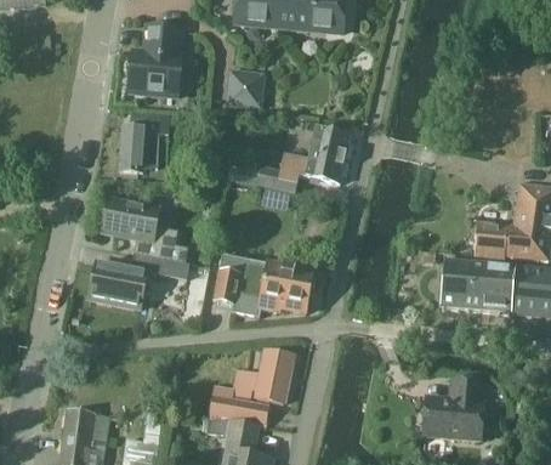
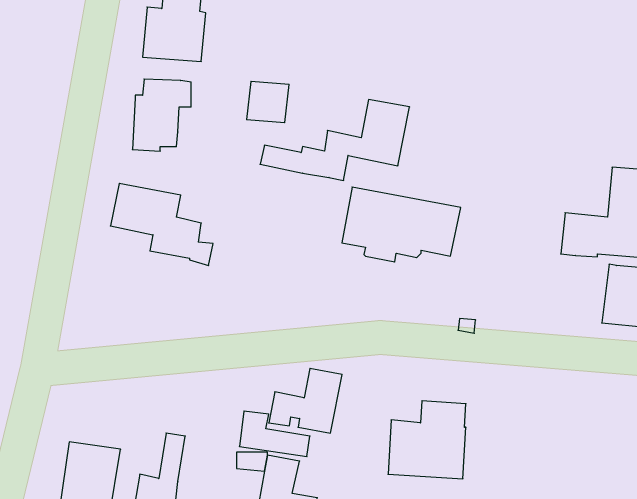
building: [227,72,262,106] -> [247,81,289,123]
building: [90,253,167,307] -> none
building: [215,255,313,317] -> [342,187,461,262]
building: [442,256,515,312] -> none
building: [420,378,484,442] -> [388,401,466,479]

